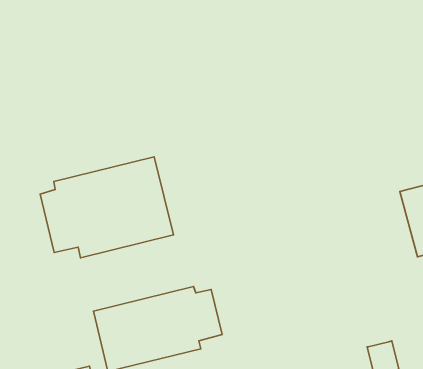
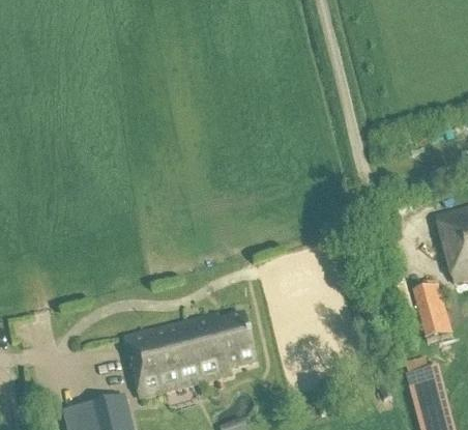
building: [40,157,174,258] -> none
building: none -> [409,283,449,339]

